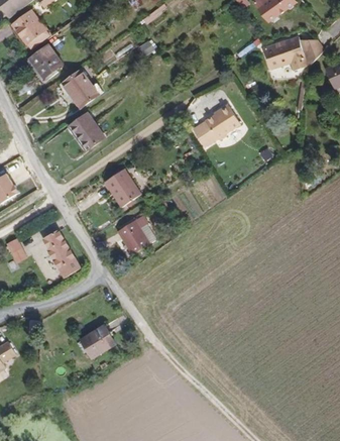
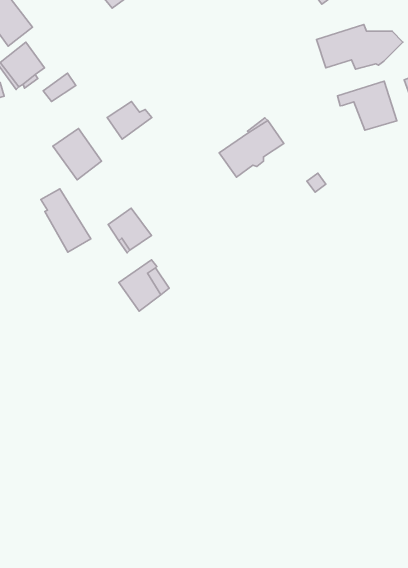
building: none -> [338,81,397,130]
building: [68,80,101,108] -> [107,101,152,139]
building: [41,228,79,275] -> [41,189,91,252]
building: [76,325,108,357] -> none

